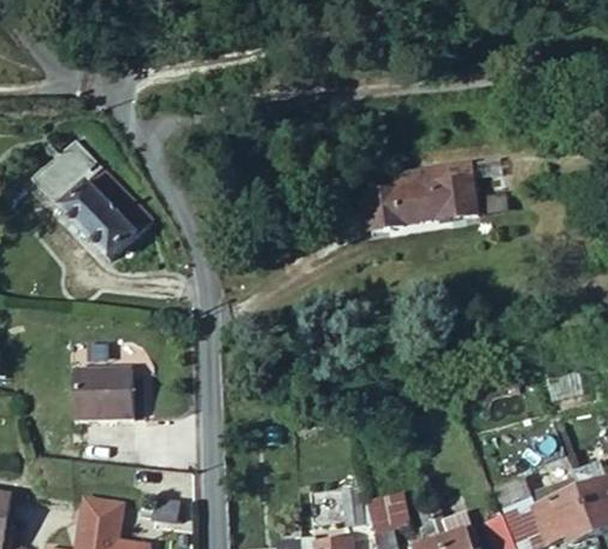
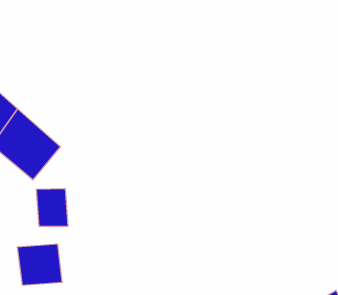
building: [366,166,480,234] -> none
building: none -> [36,189,68,226]

